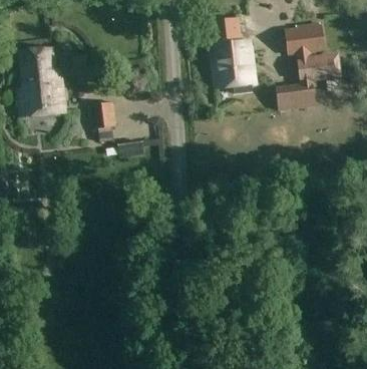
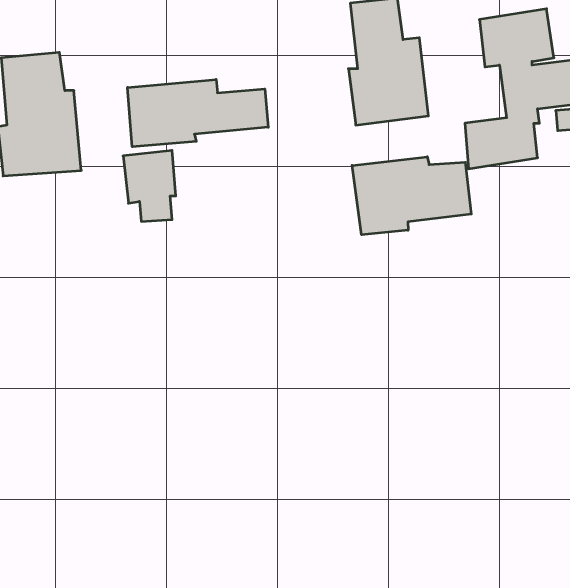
building: none -> [128,79,268,147]
building: none -> [352,157,471,235]

